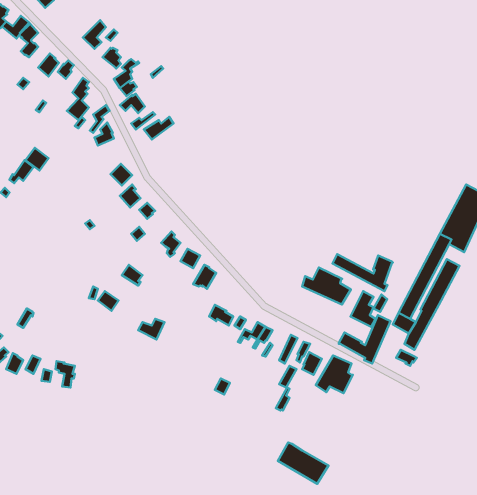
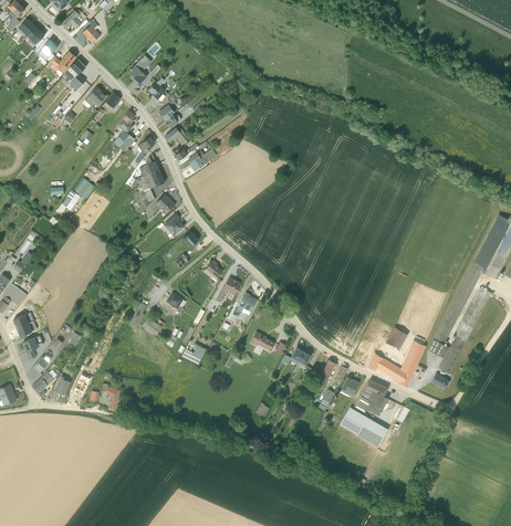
building: none -> [137,169,165,202]
building: [333,254,393,291] -> none
building: [302,267,351,305] -> none
building: [278,443,328,484] -> [340,406,388,445]

